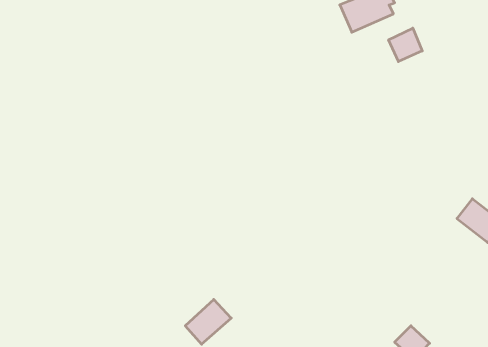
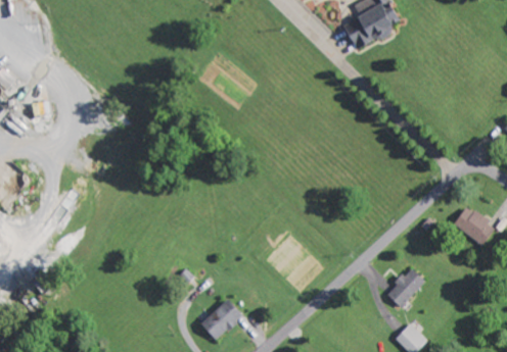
building: [389,28,422,62] -> none
building: none -> [385,267,424,307]

